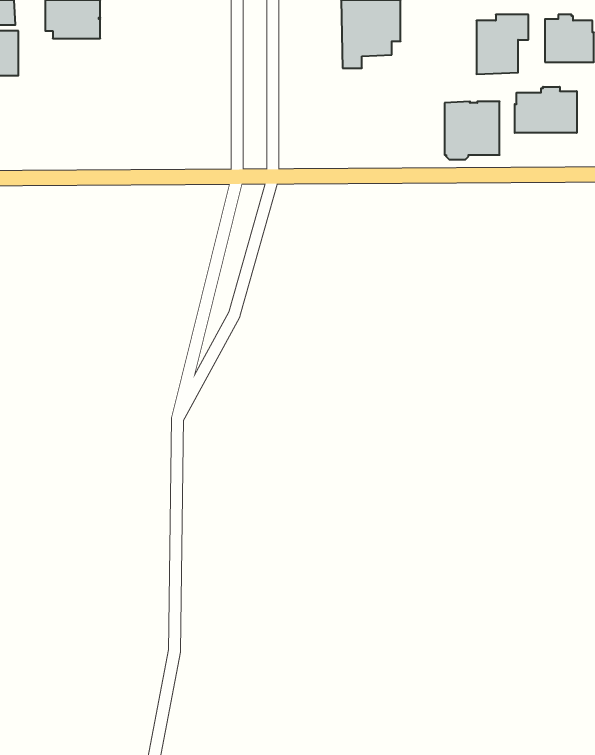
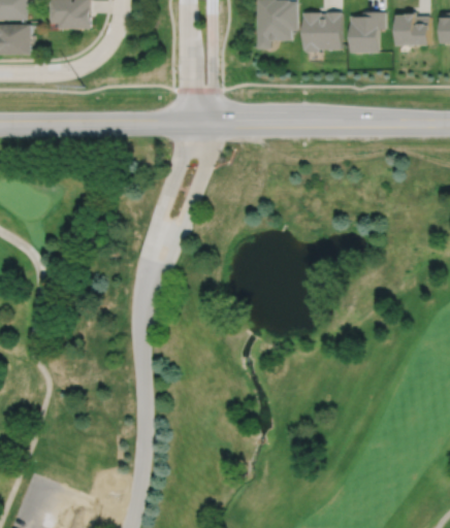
building: [515,87,577,133] -> none
building: [445,101,500,159] -> [302,12,341,53]

